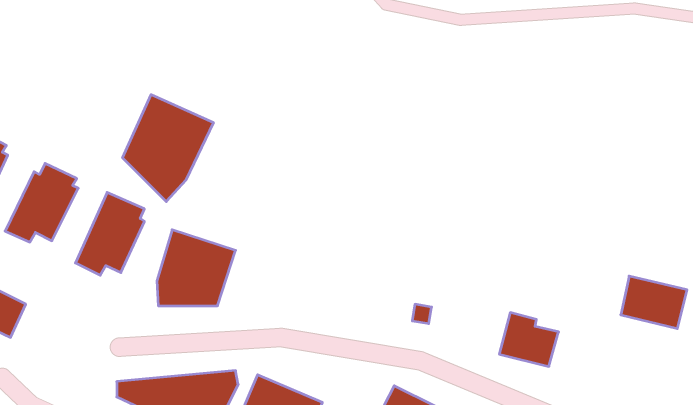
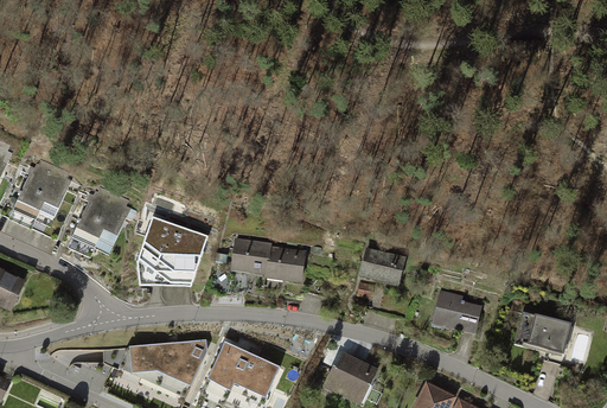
building: [123,95,213,202] -> none
building: none -> [231,235,305,280]
building: none -> [358,247,404,283]
building: [621,276,687,329] -> [513,312,570,357]

